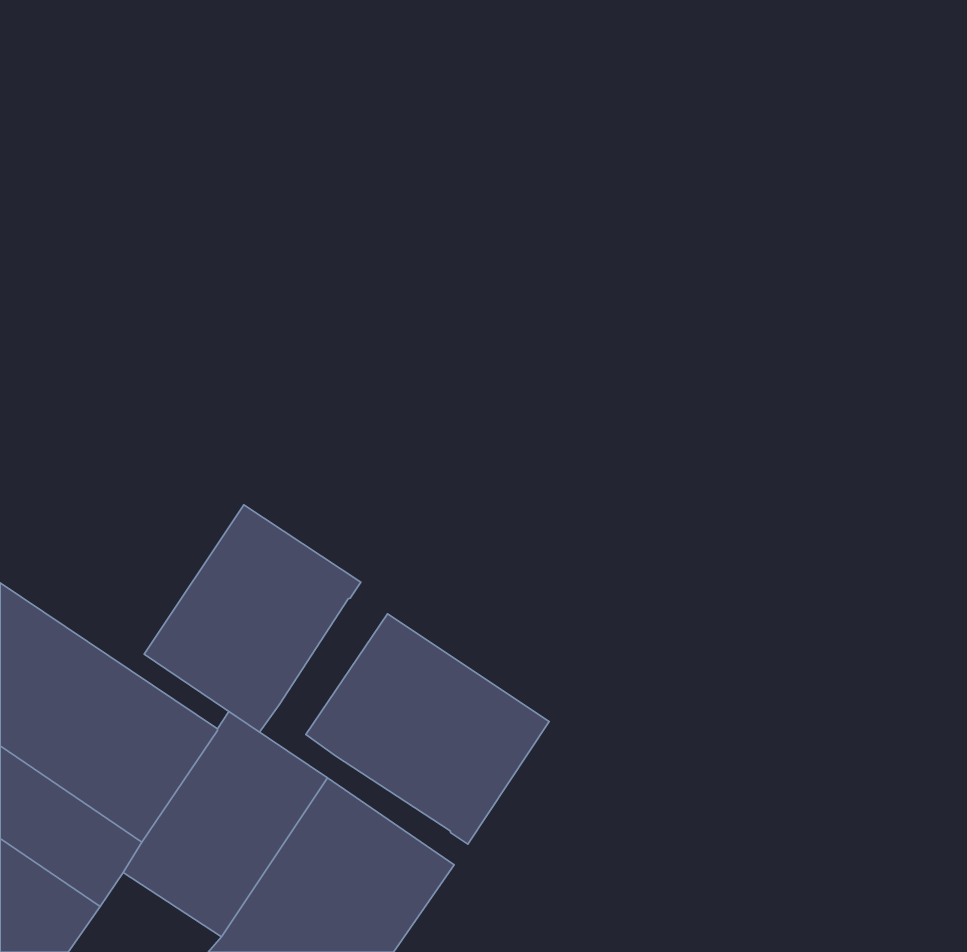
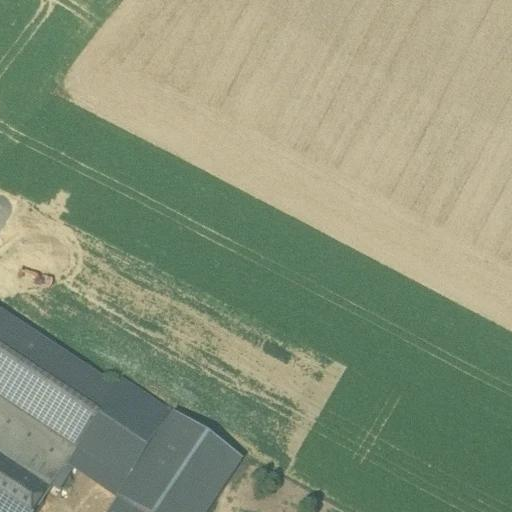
building: [144,505,361,732] -> none
building: [306,614,549,844] -> none

